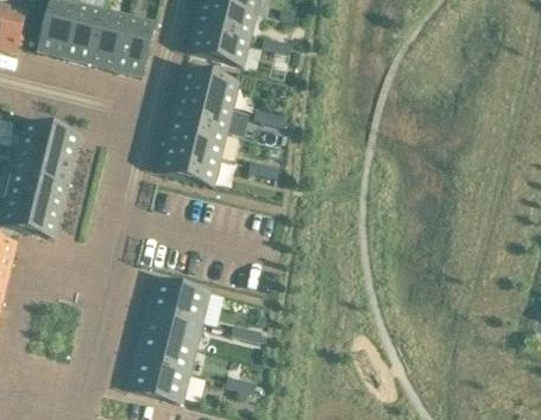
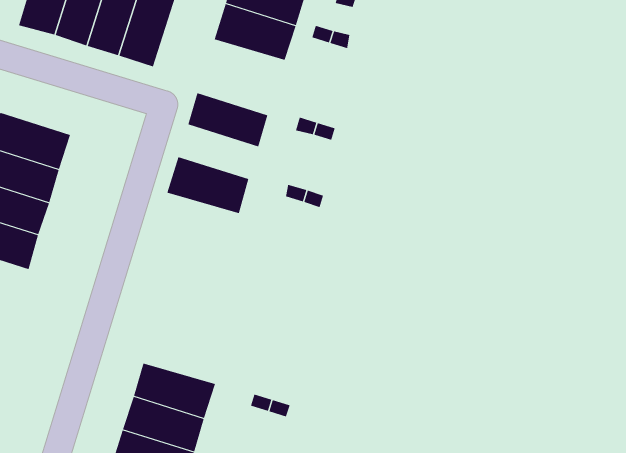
building: [177,68,240,109] -> none
building: [165,120,227,159] -> none
building: [147,277,212,319] -> none

